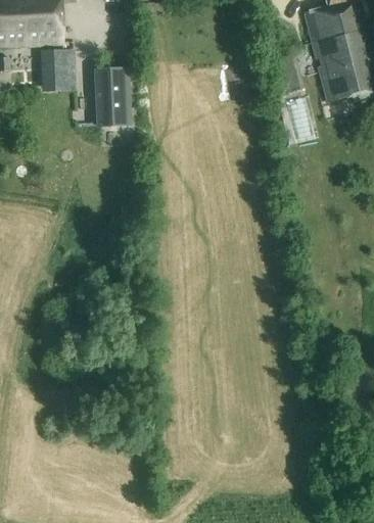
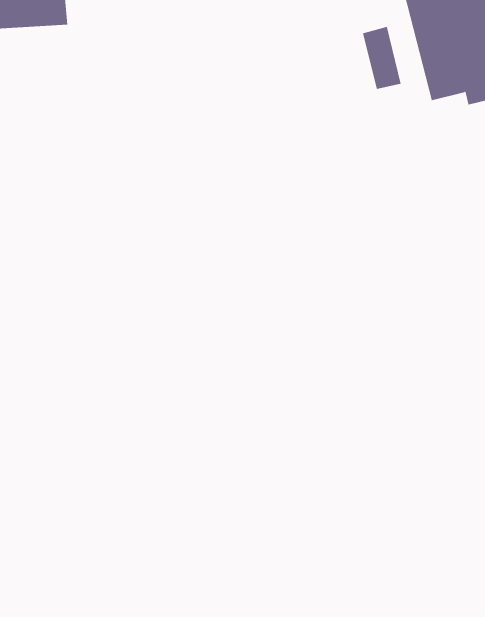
building: [44,46,79,89] -> none
building: [93,67,129,126] -> none

